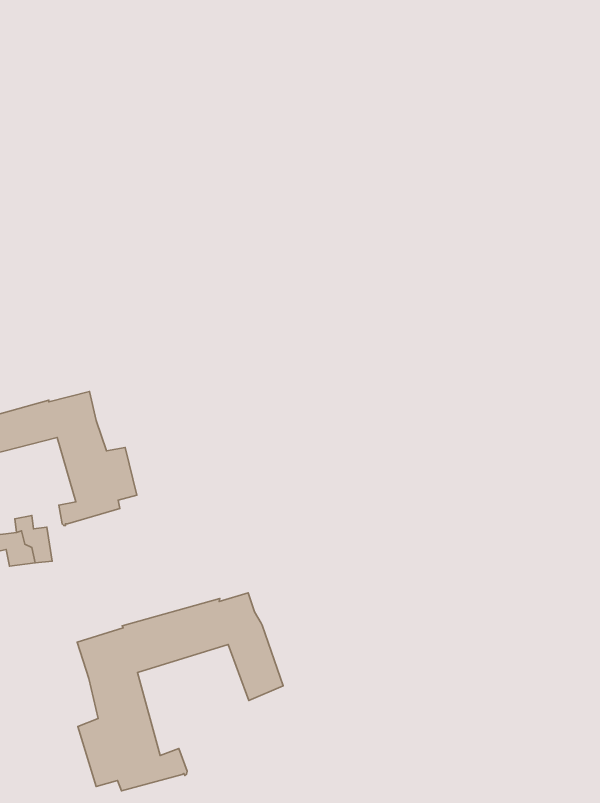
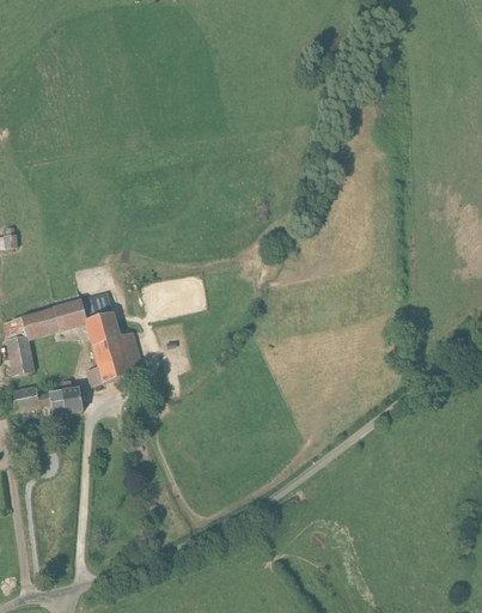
building: [77,593,283,791] -> none

